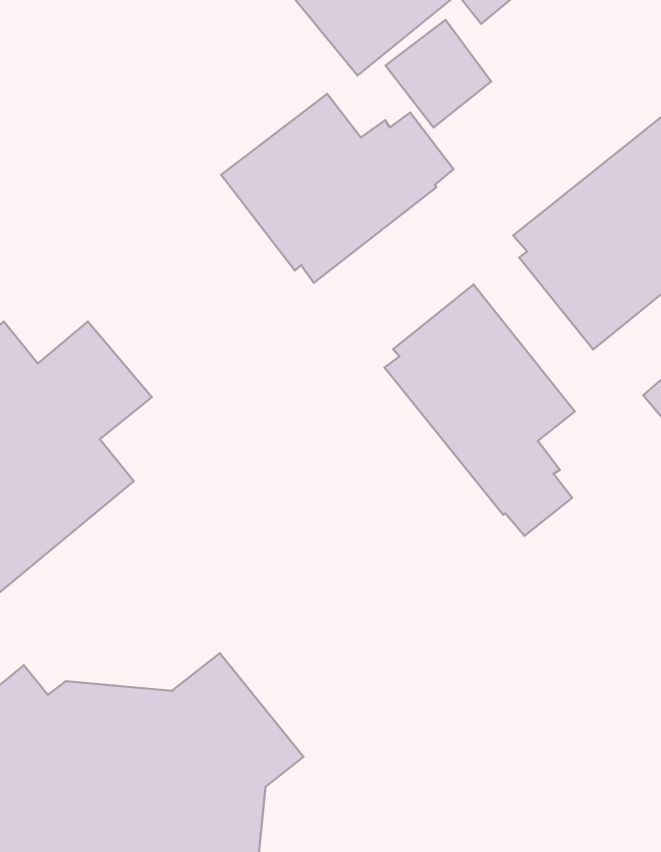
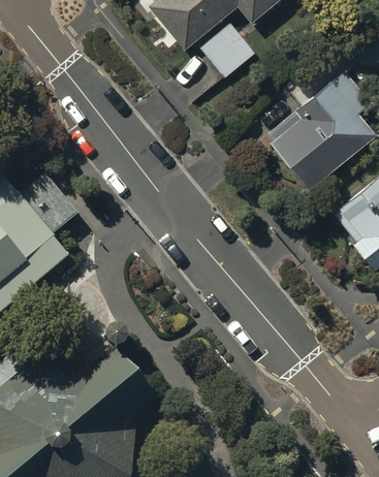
building: [221,94,453,283] -> none
building: [384,284,575,536] -> none

